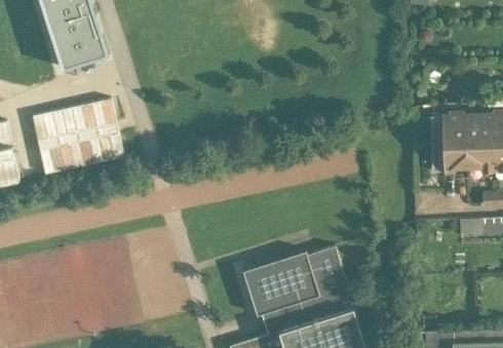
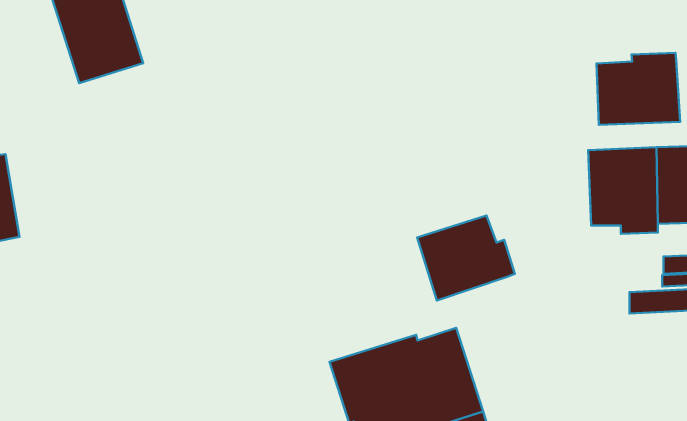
building: none -> [597,53,680,125]
building: [30,100,120,171] -> none
building: none -> [417,215,515,301]

